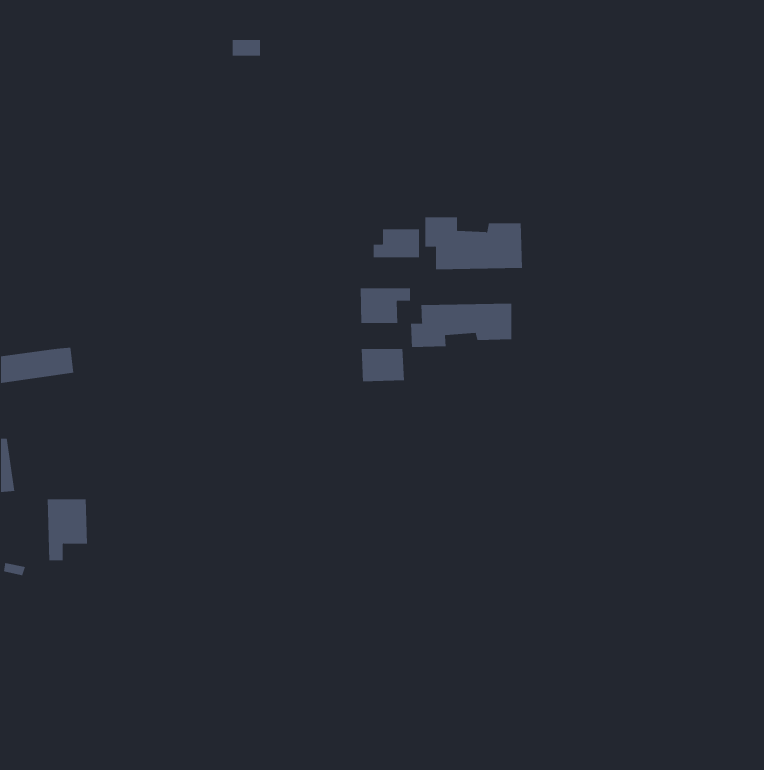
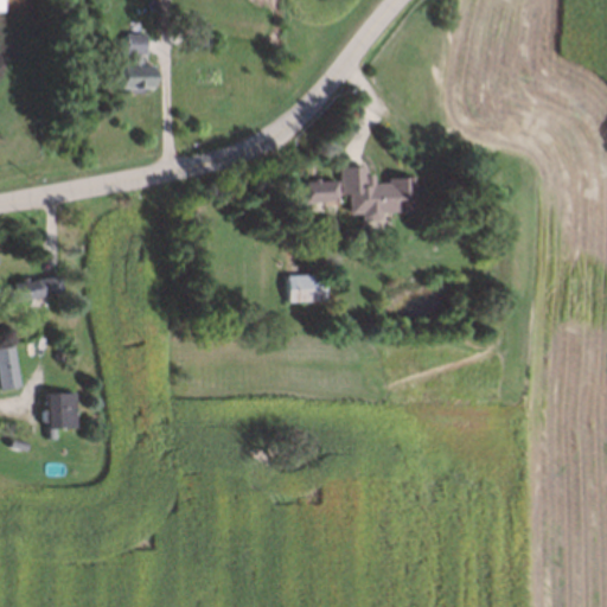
building: none -> [121,34,154,89]
building: [360,287,411,324] -> none
building: [411,303,512,348] -> none

